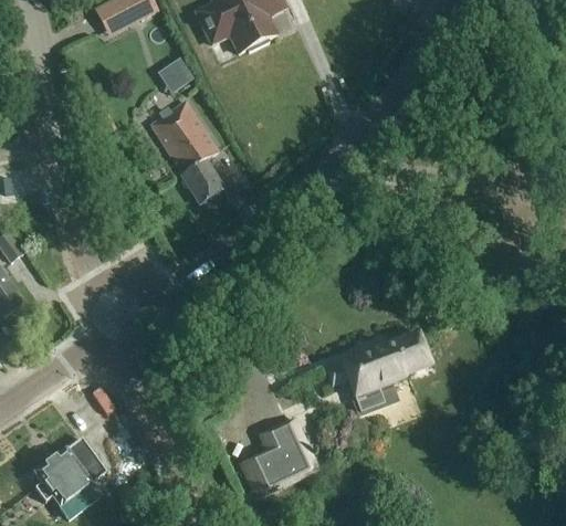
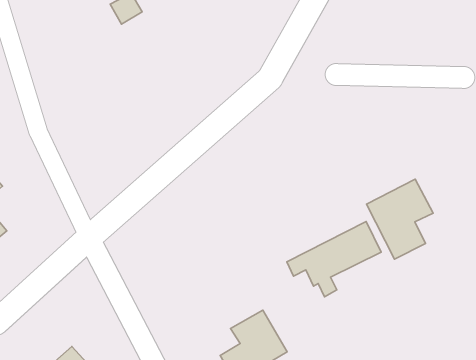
building: [149,97,223,203] -> none
building: none -> [367,179,433,259]

